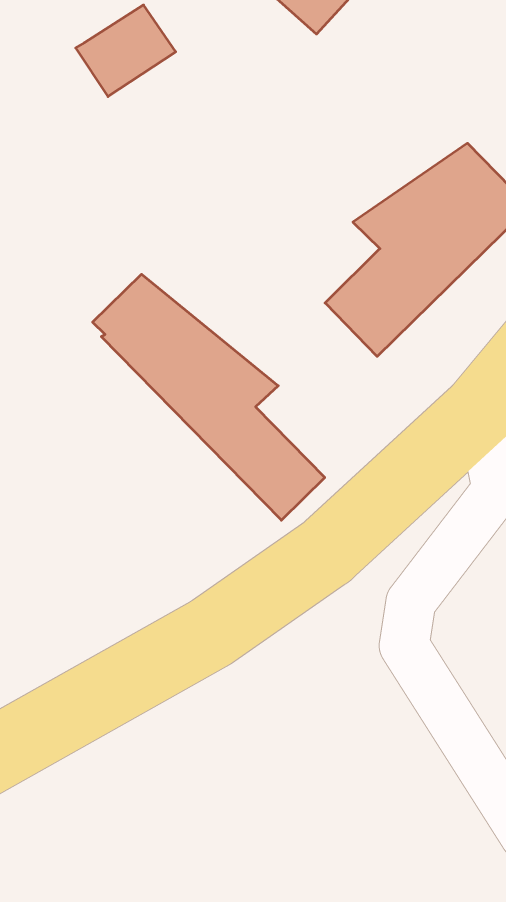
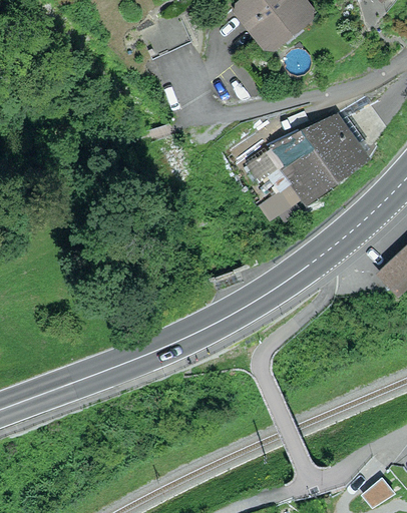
building: [93,274,325,520] -> none

